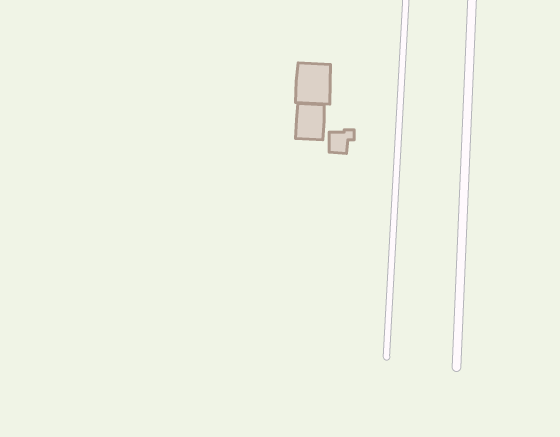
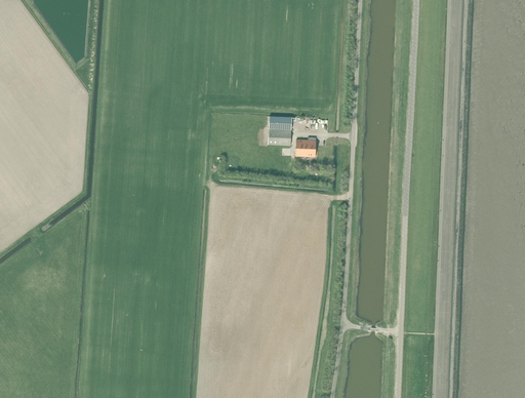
building: [296,63,331,104] -> none

